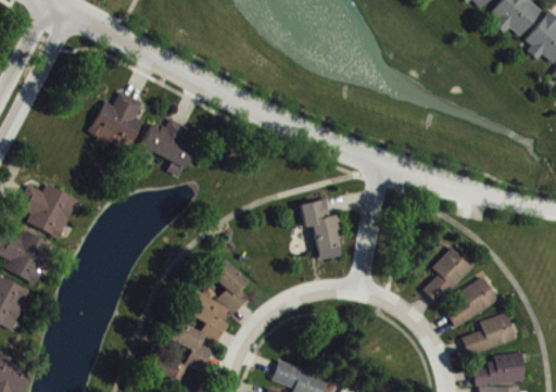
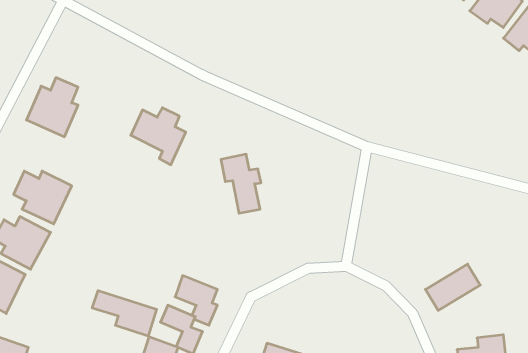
building: [89,91,142,152] -> [26,78,78,137]
building: [300,199,341,260] -> [221,154,261,213]
building: [422,246,471,303] -> none
building: [210,258,249,312] -> none
building: none -> [92,291,157,336]
building: [462,312,515,355] -> none

